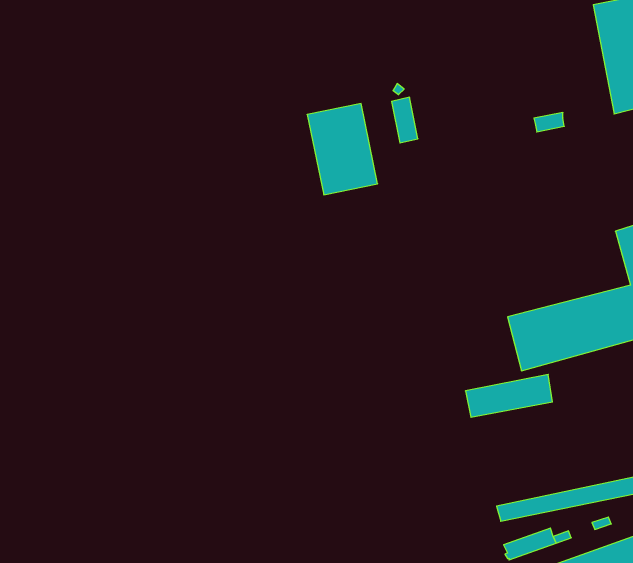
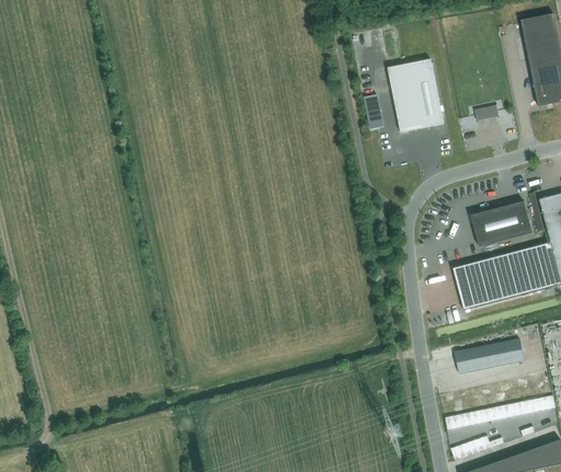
building: [307,104,378,195] -> [388,59,444,131]
building: none -> [471,200,533,246]
building: [465,374,552,417] -> [455,338,524,372]

